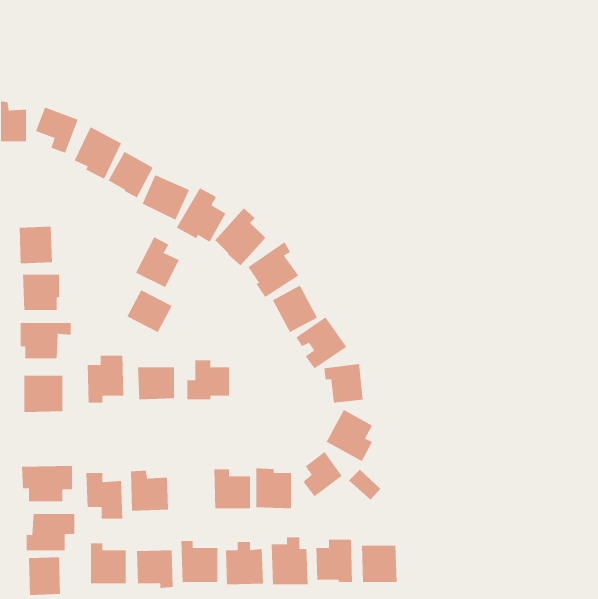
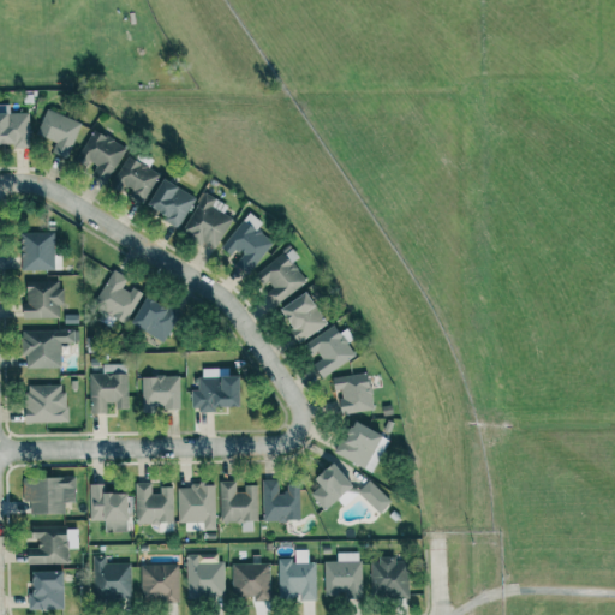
building: [135,236,180,288] -> [94,269,139,322]
building: none -> [178,484,216,531]

